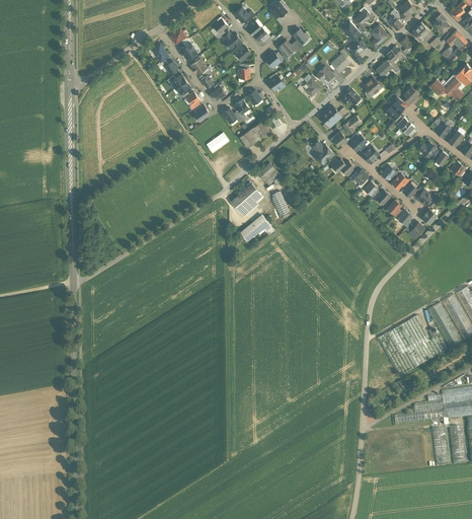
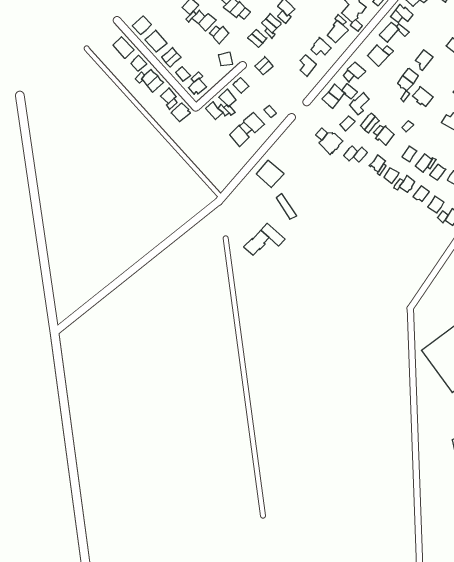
building: [230,183,262,216] -> none

